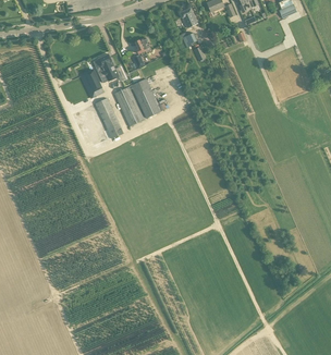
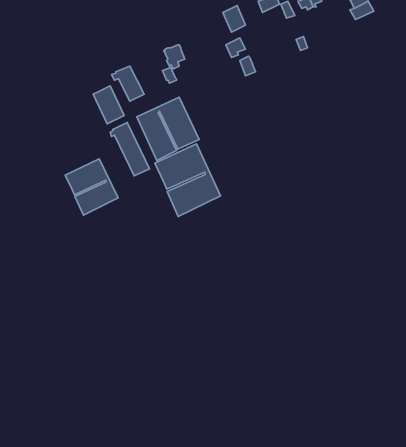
building: none -> [155,144,221,216]
building: none -> [65,159,118,215]

